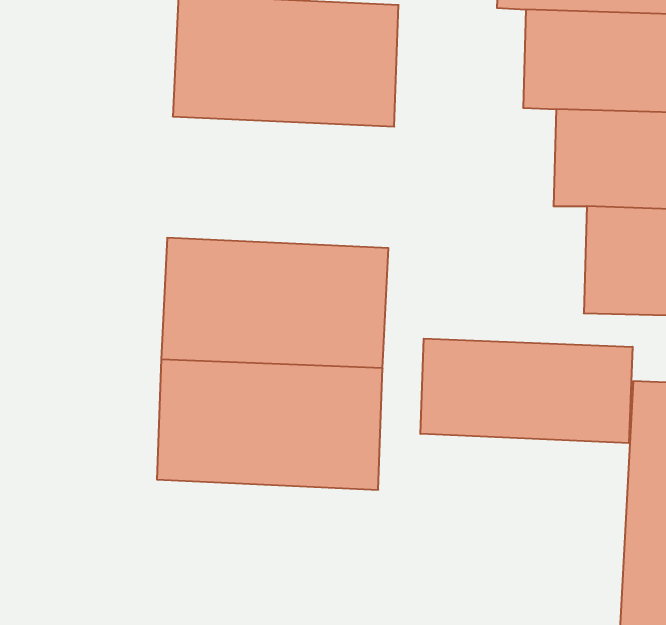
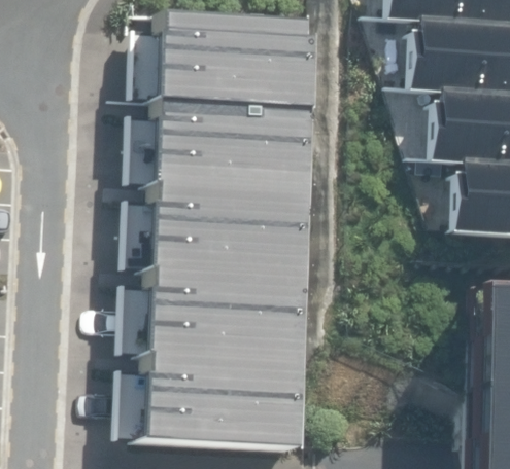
building: none -> [149,96,311,189]
building: [420,339,633,443] -> none
building: none -> [138,354,300,447]

